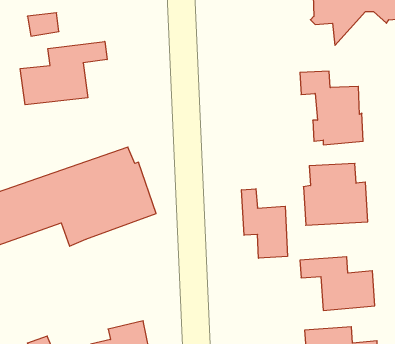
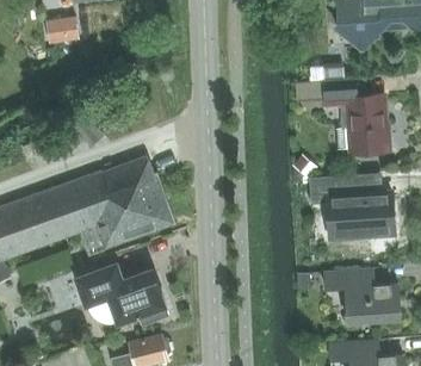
building: [20,41,107,105] -> none
building: [242,189,287,258] -> none
building: none -> [75,263,168,325]

